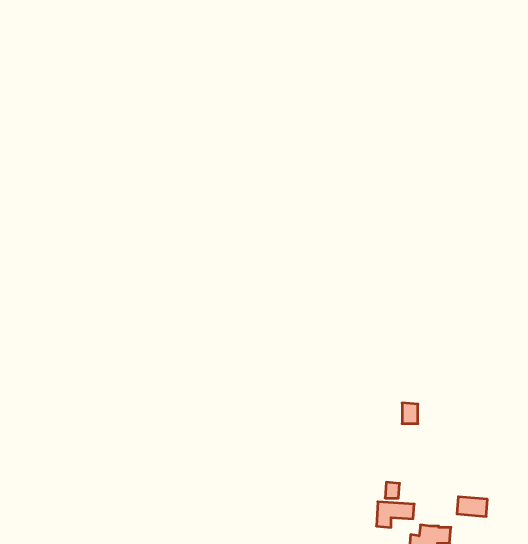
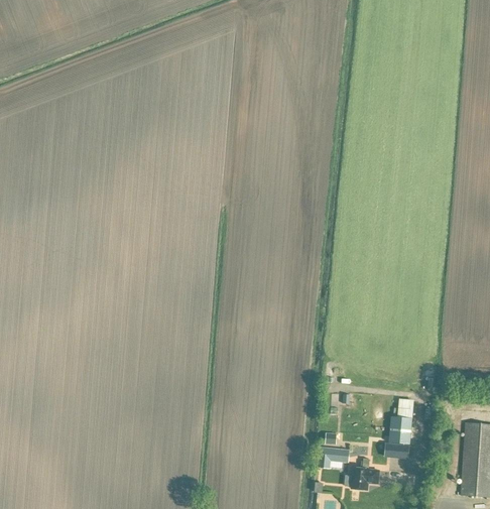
building: none -> [390,415,411,442]

